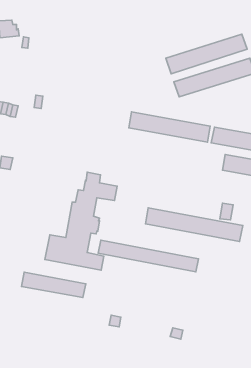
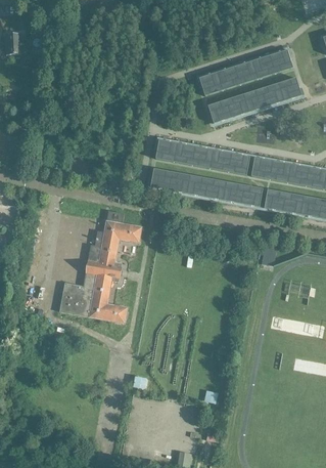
building: [146,208,243,242] -> [150,167,263,206]
building: [98,240,199,272] -> none
building: [21,272,86,298] -> none

